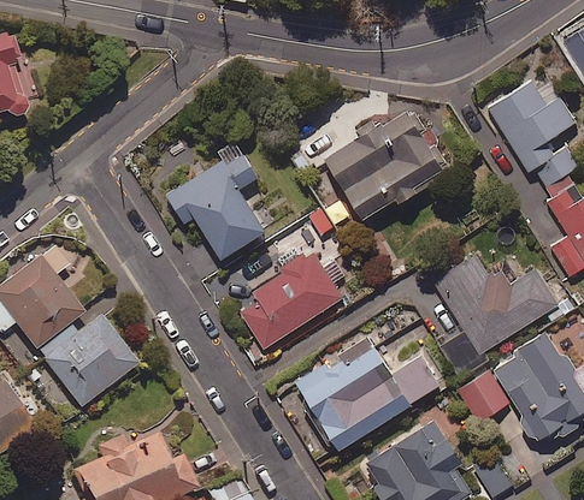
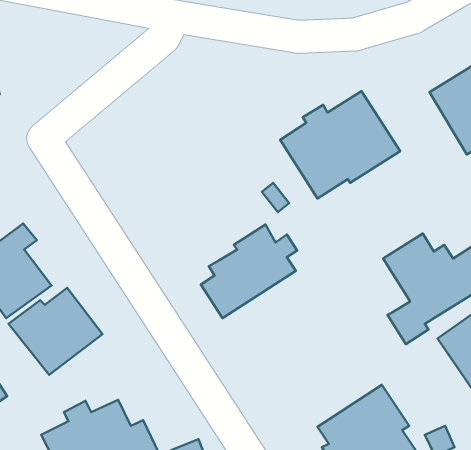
building: [165,139,267,260] -> none
building: [295,337,441,452] -> none
building: [459,371,508,422] -> none

